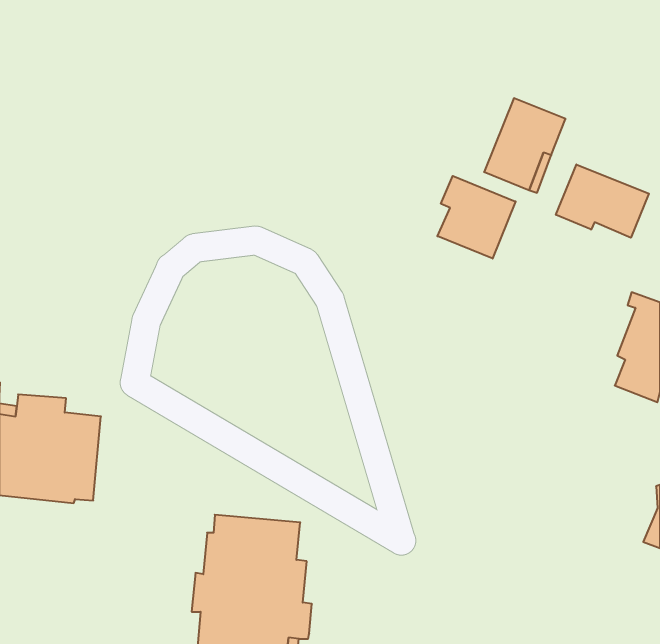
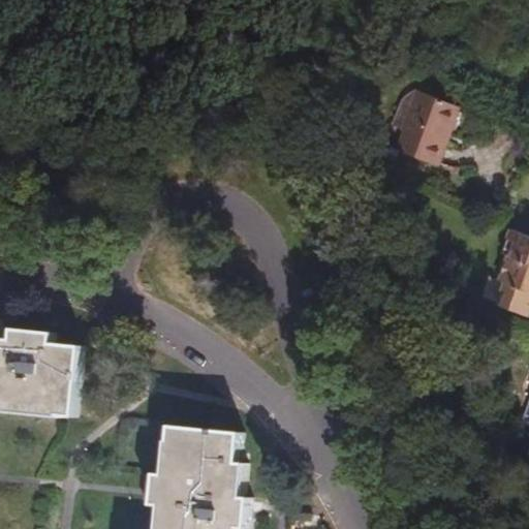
building: [556,164,649,238] -> none
building: [437,176,516,259] -> none

